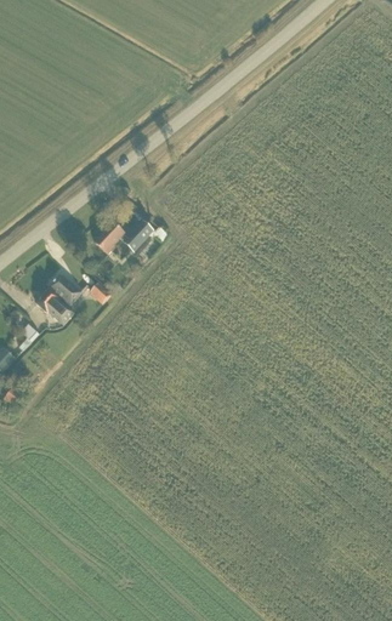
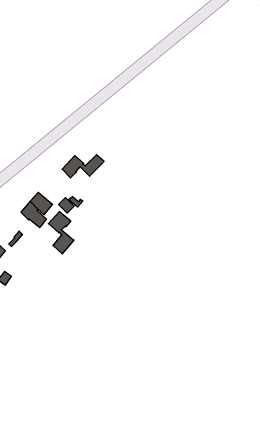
building: none -> [48,211,74,254]

